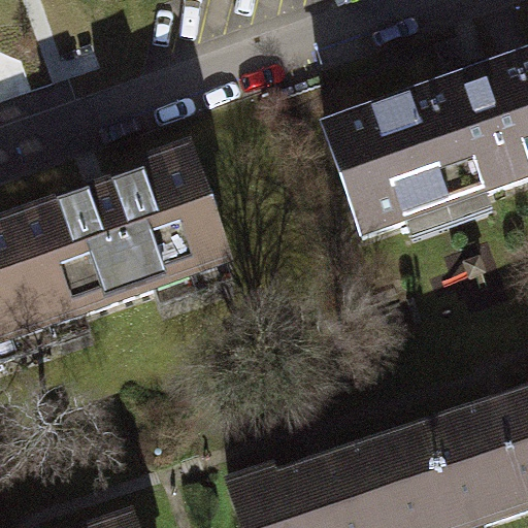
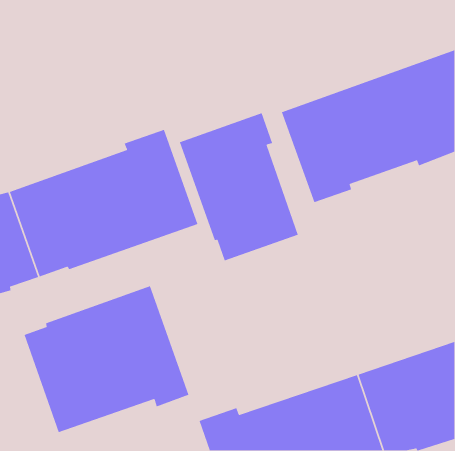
building: none -> [179,112,299,262]
building: none -> [23,285,189,433]

